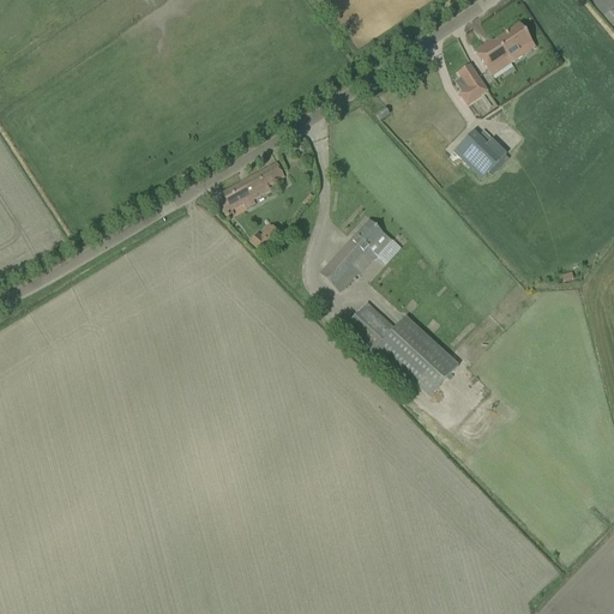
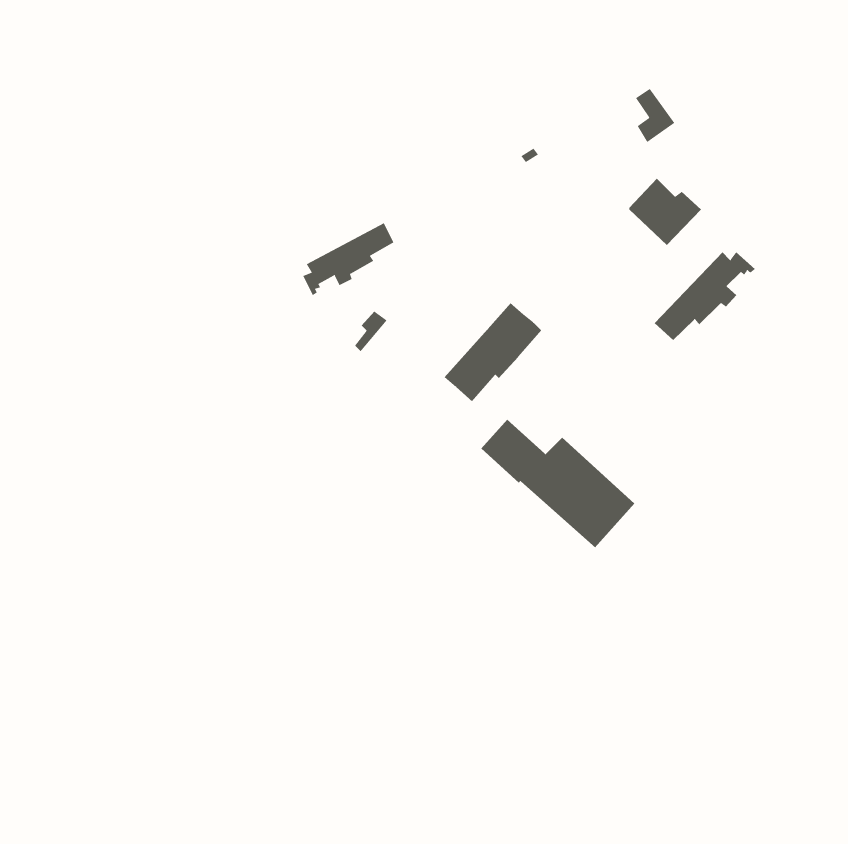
building: [477,22,532,70] -> none
building: none -> [654,251,756,341]

